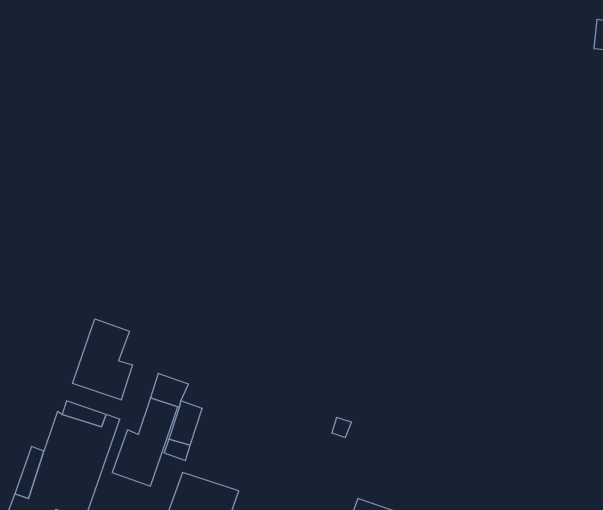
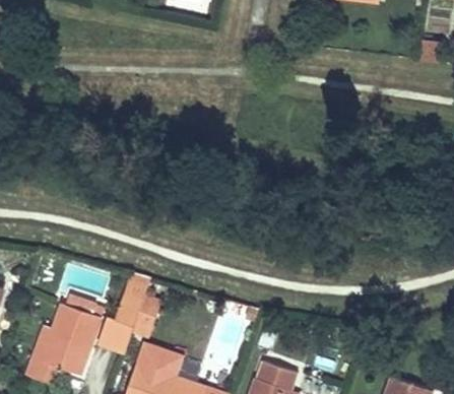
building: [72,319,133,400] -> none

